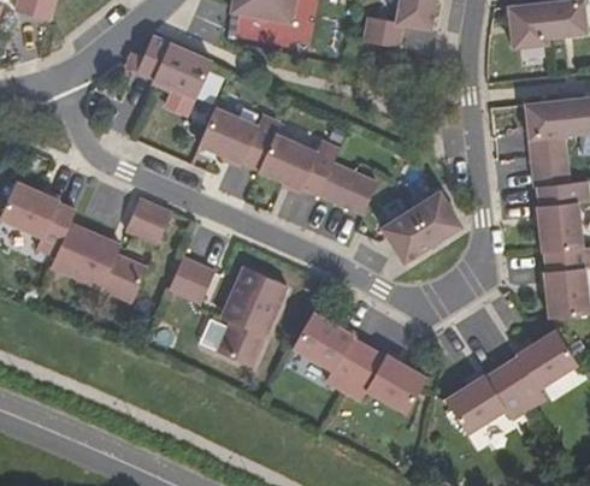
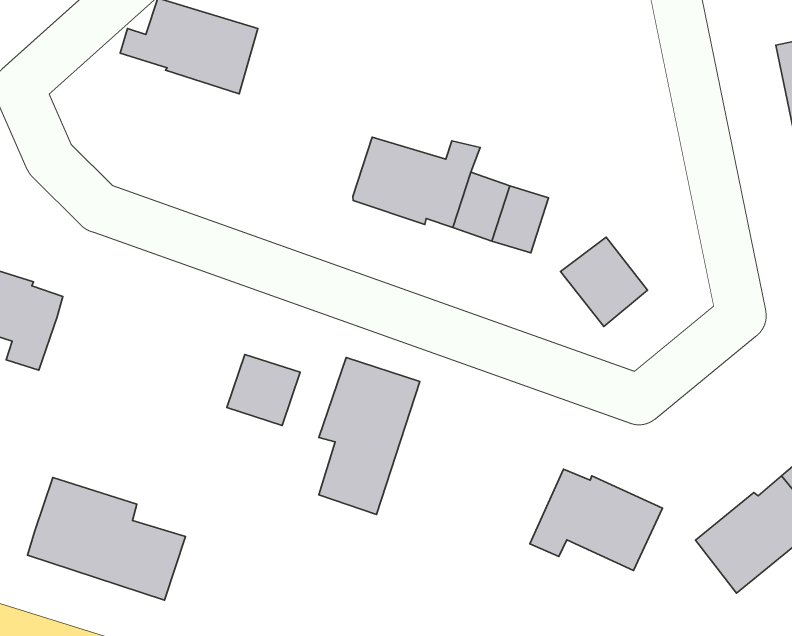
building: [197,107,278,168] -> none
building: [409,190,460,244] -> none
building: [124,198,171,244] -> none
building: [49,223,147,304] -> [27,477,186,600]
building: [291,312,368,391] -> none

